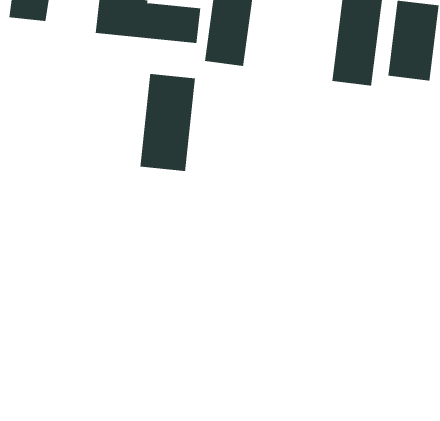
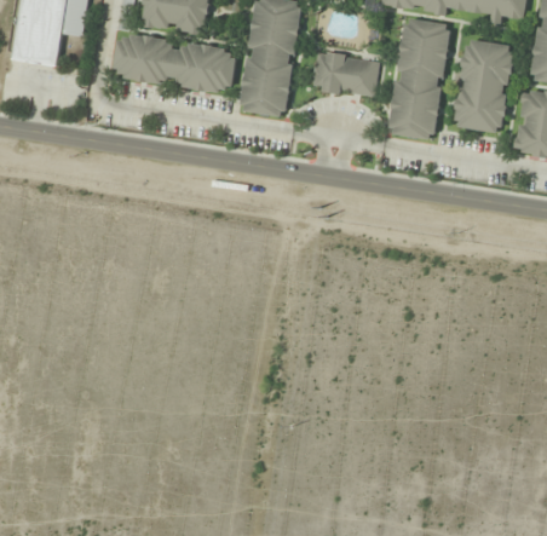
building: none -> [310,51,379,98]
building: [140,73,196,172] -> none

